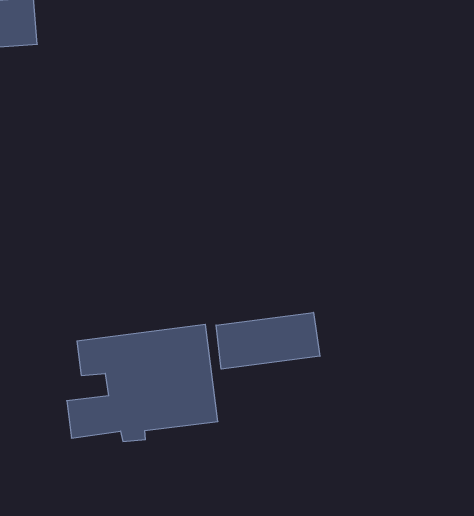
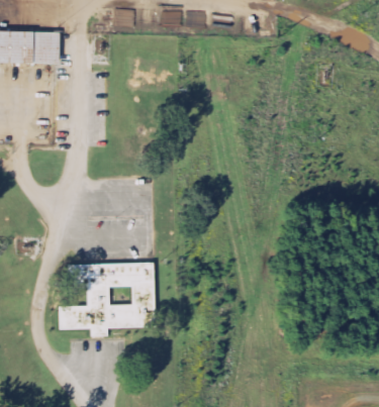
building: [216,312,320,369] -> none

